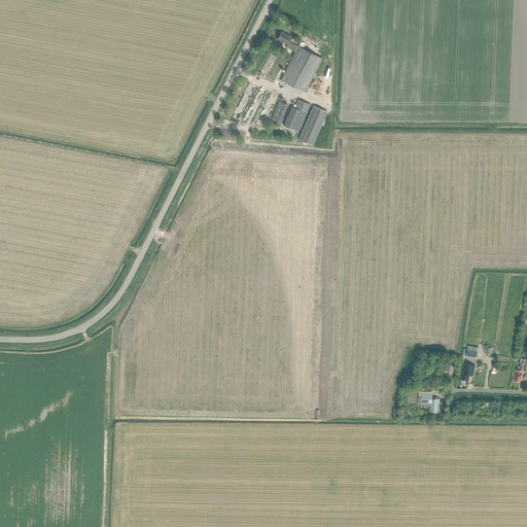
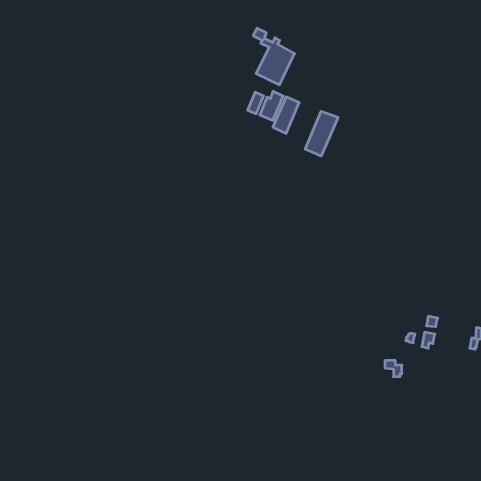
building: none -> [305,111,338,156]

